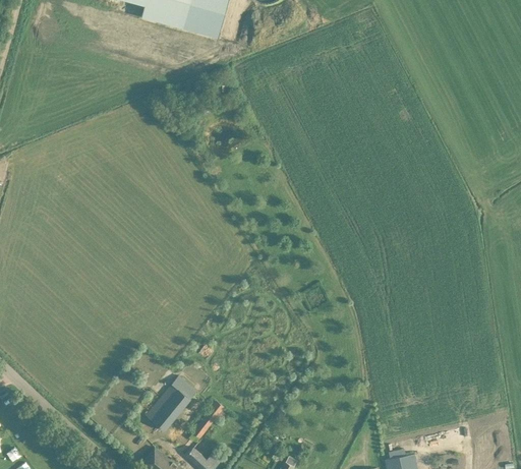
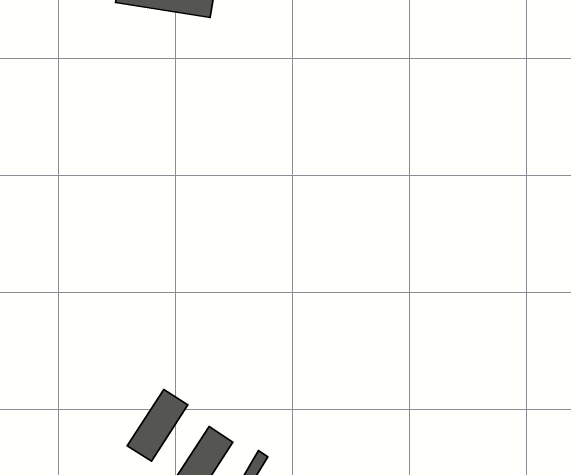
building: none -> [127,390,188,461]

